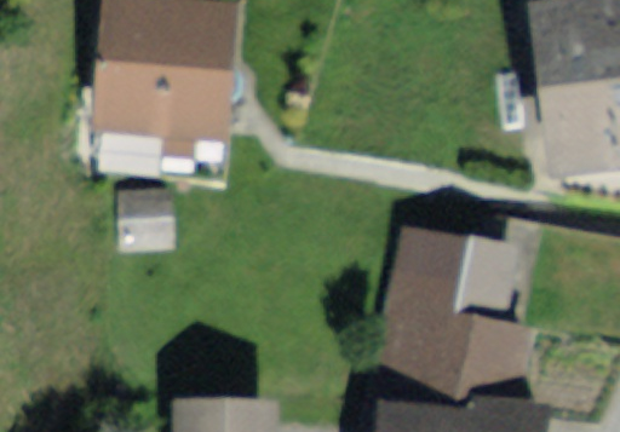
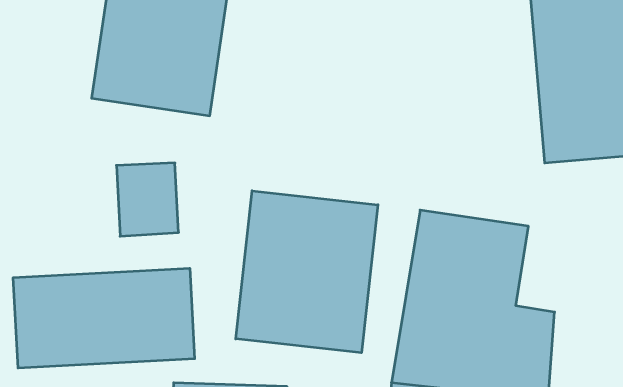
building: none -> [236,191,378,353]
building: none -> [13,268,195,368]

